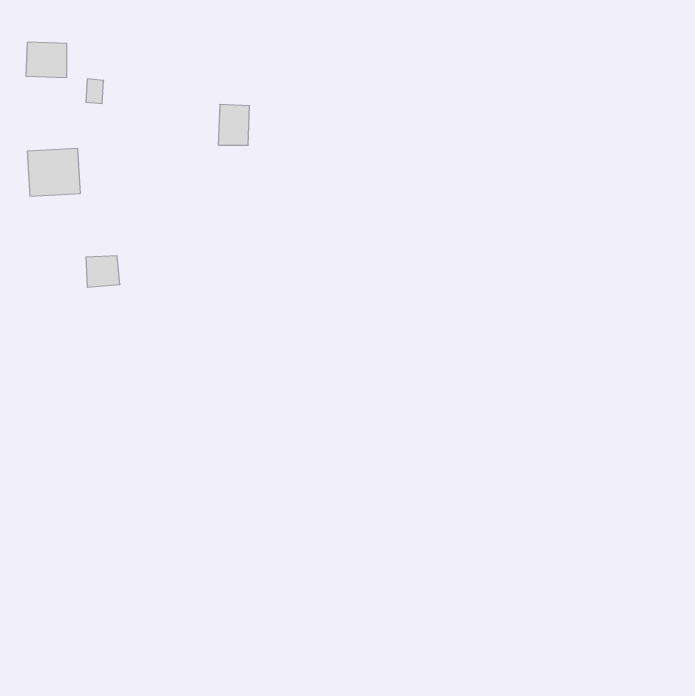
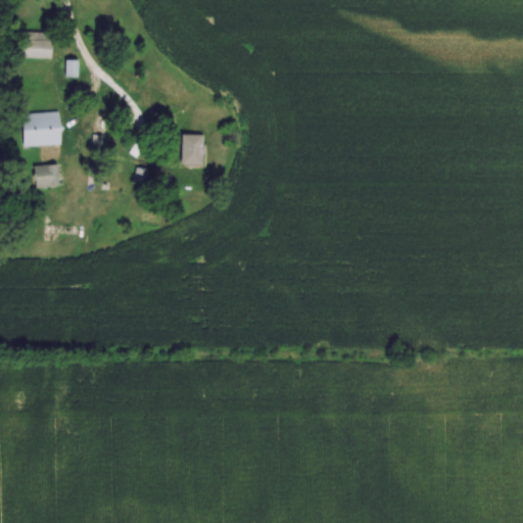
building: [218,104,250,145] -> [181,134,204,164]
building: [86,256,120,287] -> [34,164,59,188]

